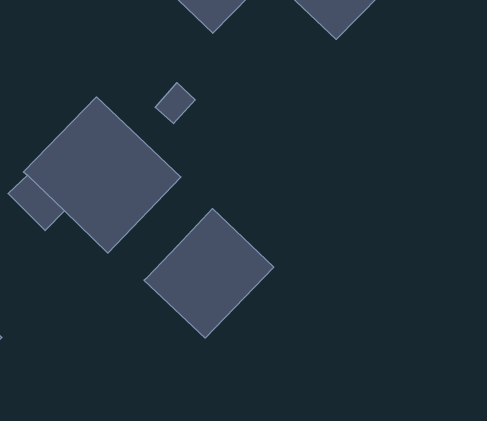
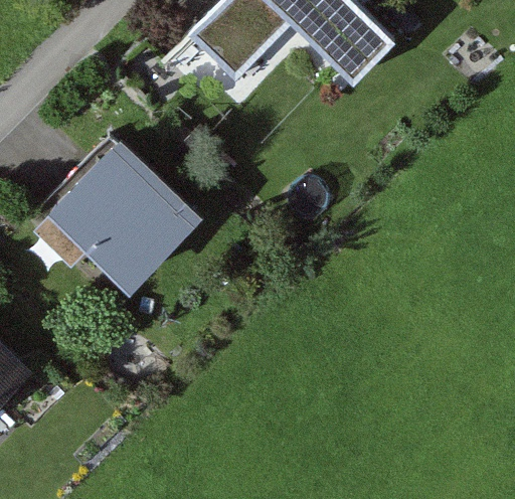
building: [144,209,274,338] -> none

